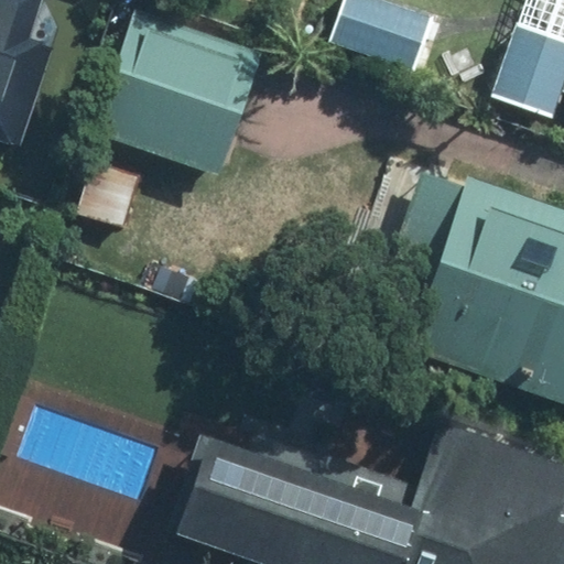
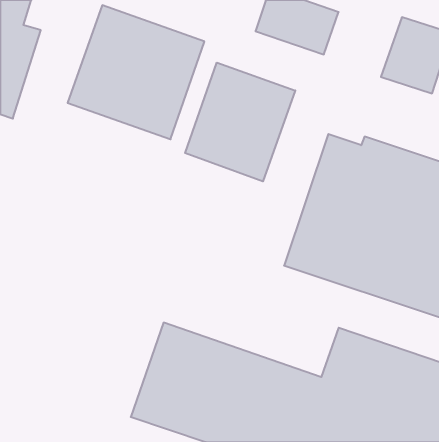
building: none -> [185,63,295,181]

